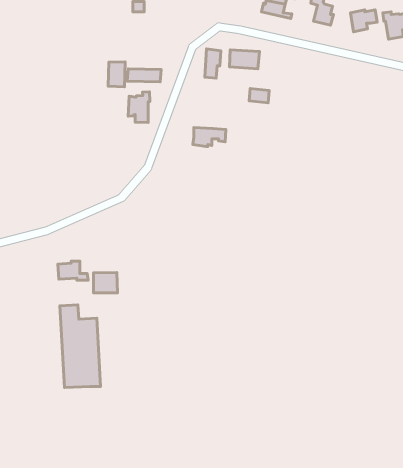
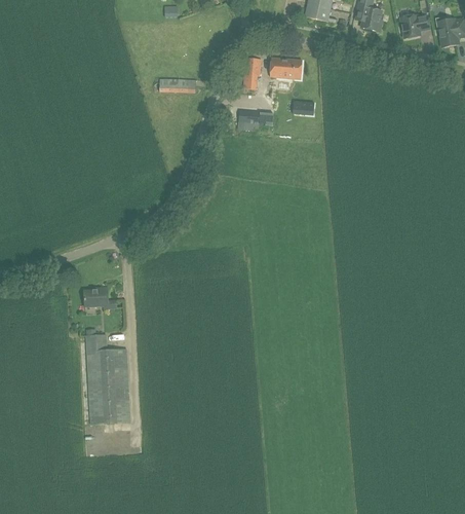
building: [108,62,125,87] -> none
building: [128,92,150,122] -> none
building: [193,128,226,147] -> [237,110,273,131]
building: [93,273,117,293] -> none

